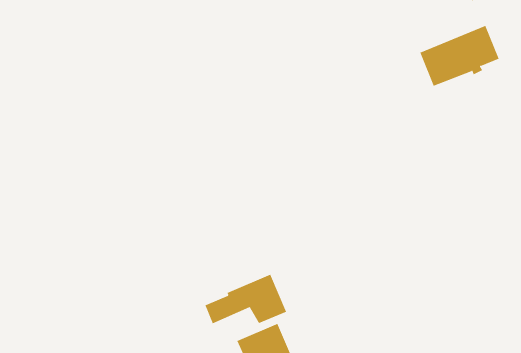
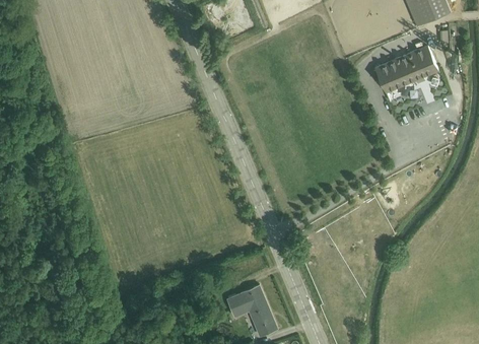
building: [204,274,287,324] -> none

